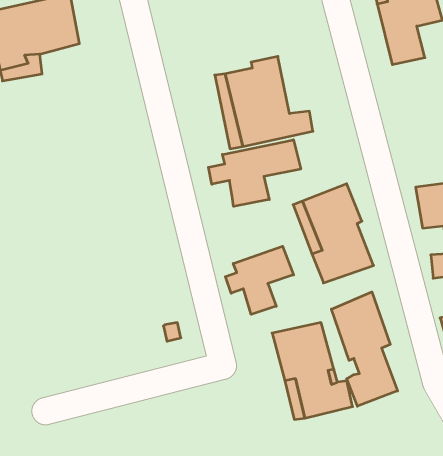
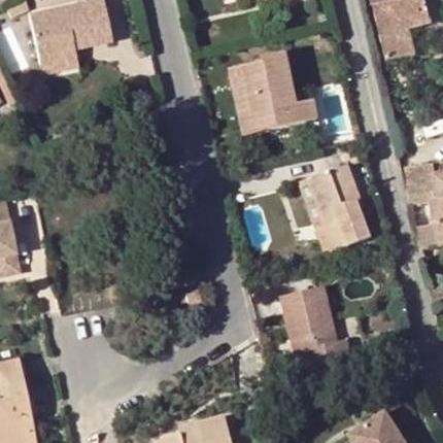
building: [208,140,301,206] -> none
building: [225,246,294,314] -> none
building: [331,292,398,406] -> none

